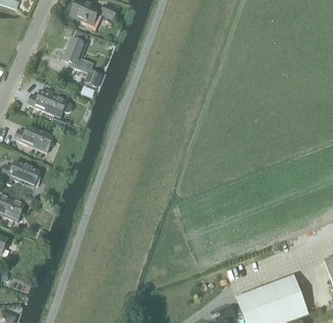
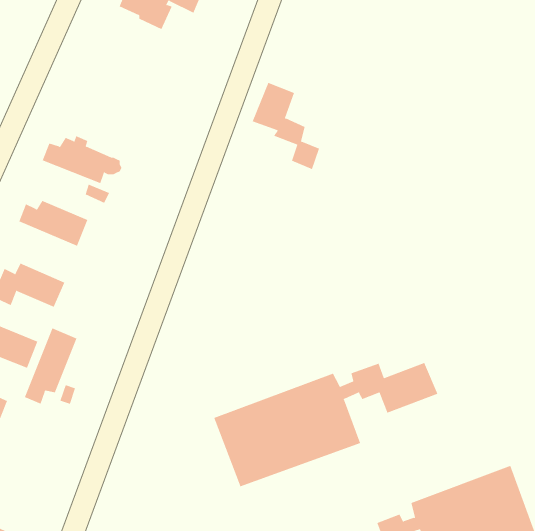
building: [63,37,102,86] -> [252,82,320,170]
building: none -> [24,327,77,405]
building: none -> [214,362,438,487]

